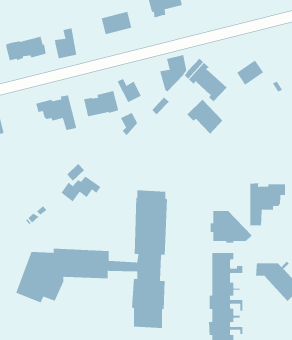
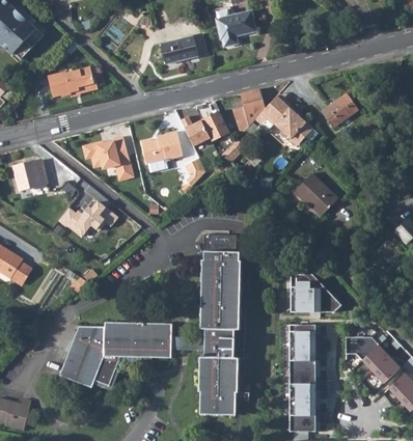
building: [54,28,77,59] -> none
building: none -> [202,112,229,142]
building: [187,99,223,135] -> [293,174,336,217]
building: [61,176,102,203] -> [67,203,116,236]
building: [250,183,286,226] -> none

